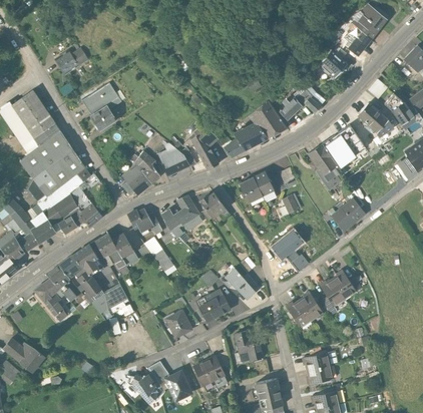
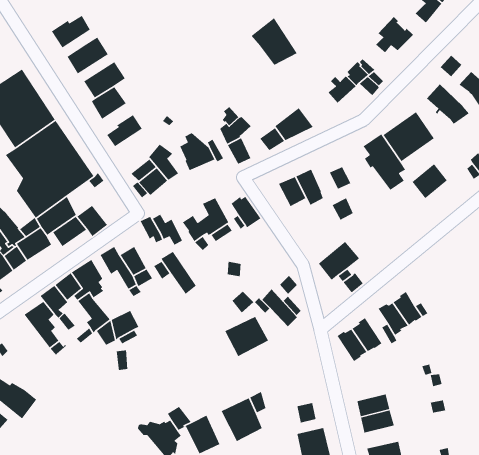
building: none -> [66,37,109,74]
building: [249,99,287,138] -> [250,17,298,66]
building: none -> [106,114,143,147]
building: [334,199,363,229] -> [412,163,448,199]
building: [164,309,193,338] -> none
building: [233,331,263,363] -> none

